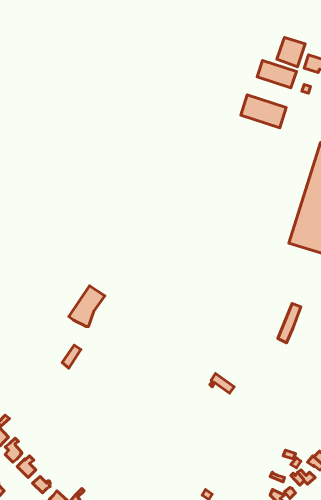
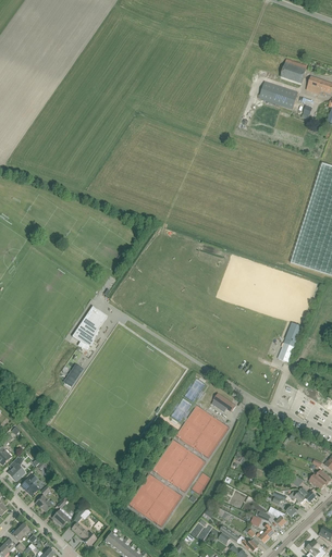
building: [241,95,286,128] -> none

